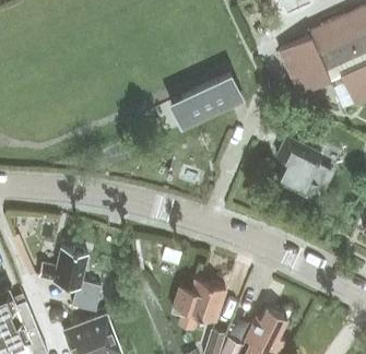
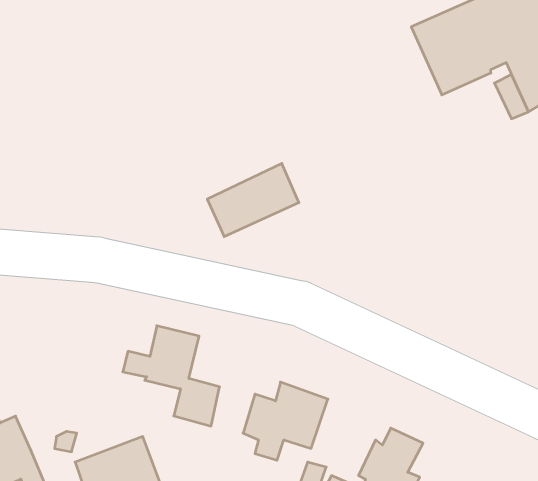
building: [182,74,241,121] -> [207,163,299,237]
building: [276,137,333,203] -> none
building: [39,247,102,311] -> [123,326,220,426]

